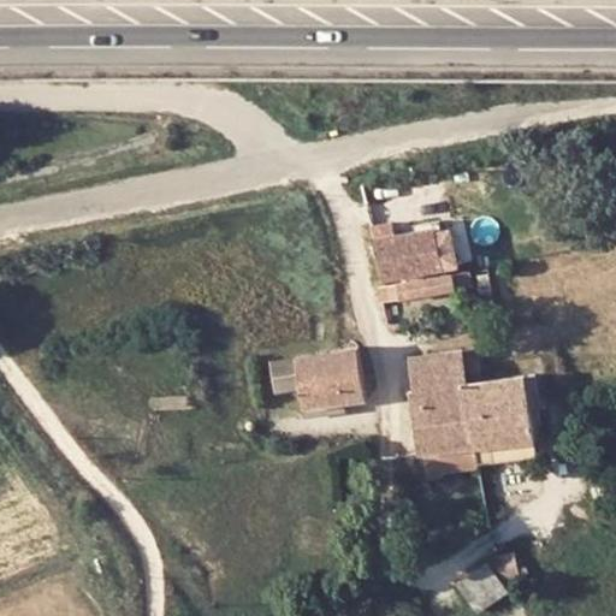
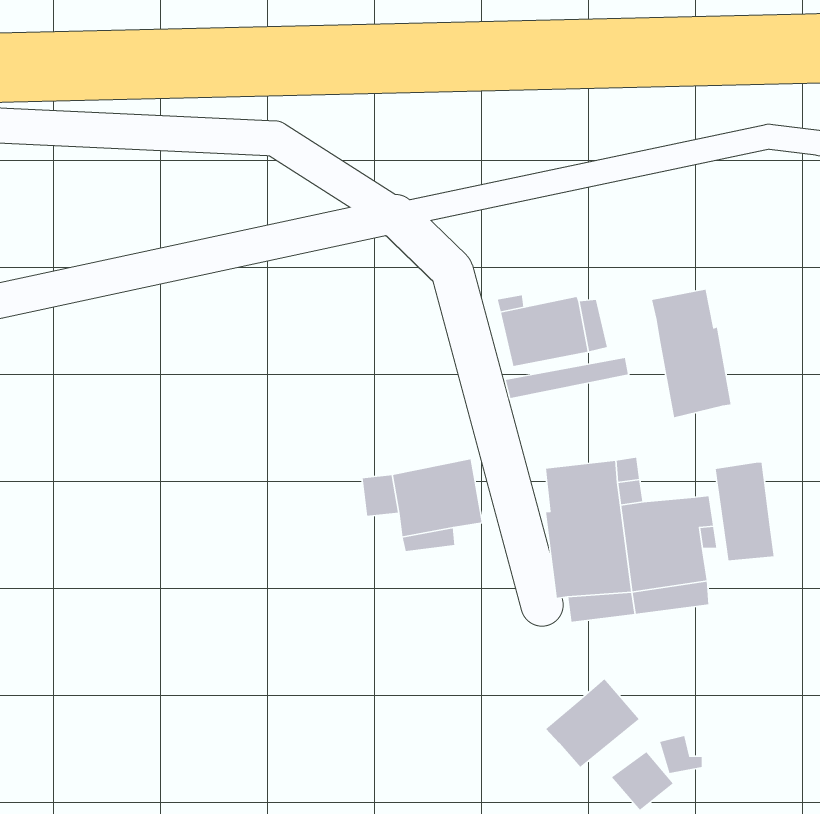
building: none -> [651,289,732,418]
building: none -> [715,462,774,561]
building: none -> [545,678,640,768]

